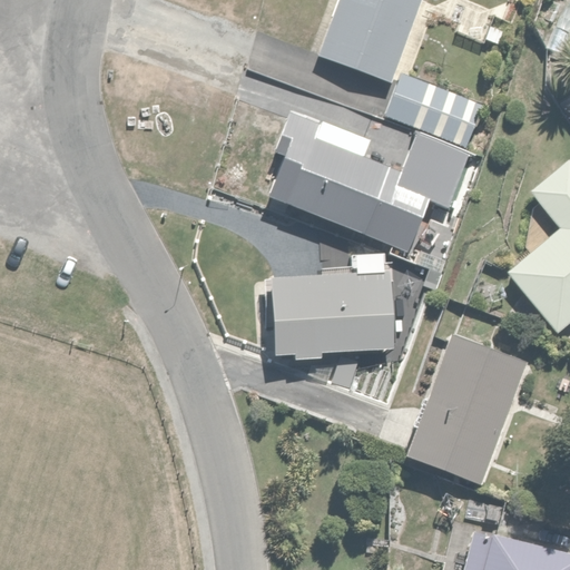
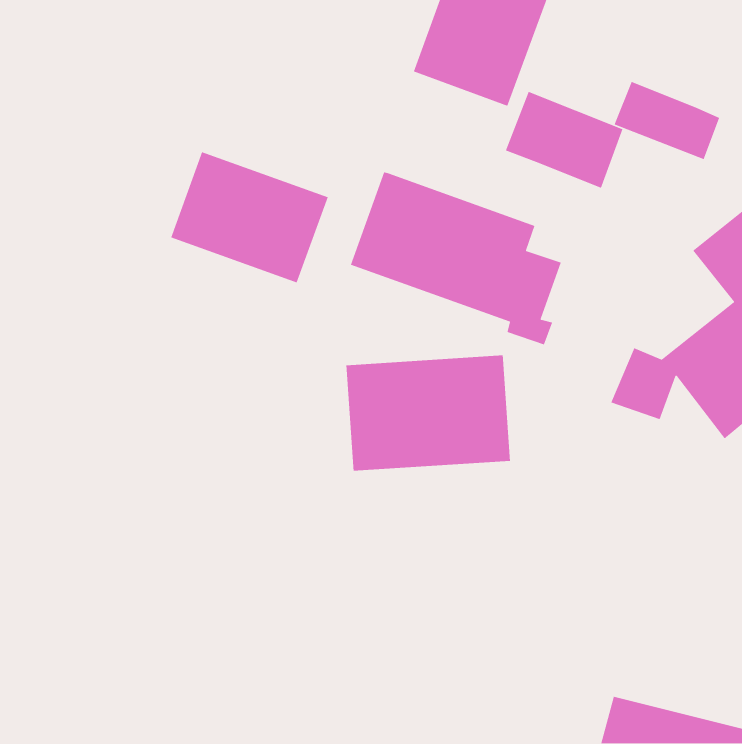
building: none -> [170,151,329,284]
building: [399,124,480,184] -> [613,81,720,160]
building: [403,334,538,489] -> none

